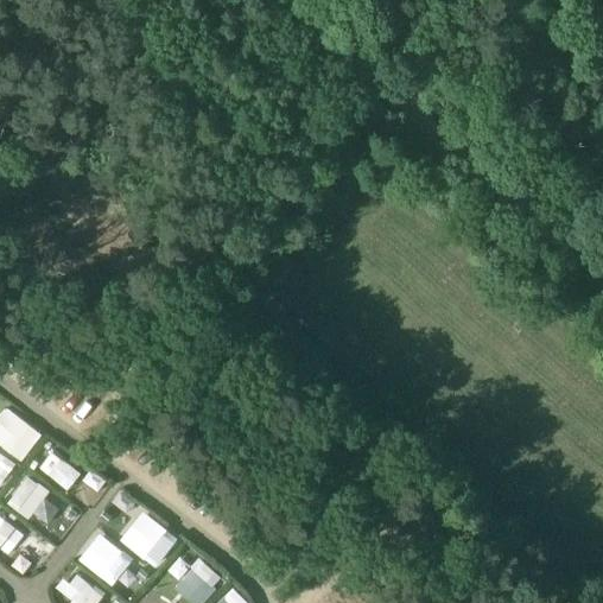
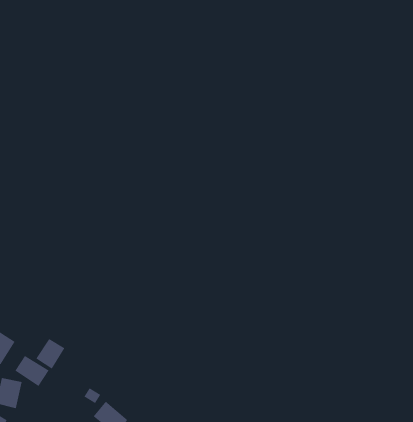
building: none -> [35,338,65,370]

